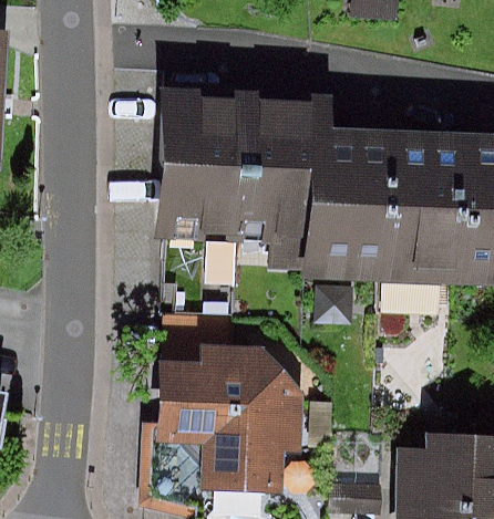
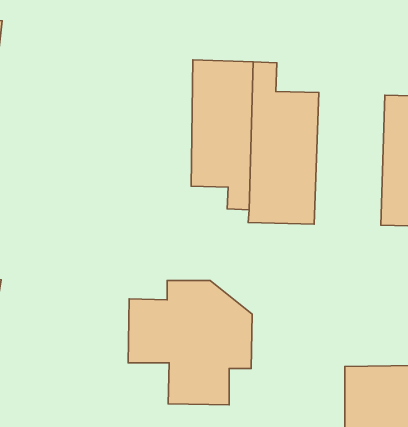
building: [153,90,231,238] -> none
building: [372,129,454,283] -> none

